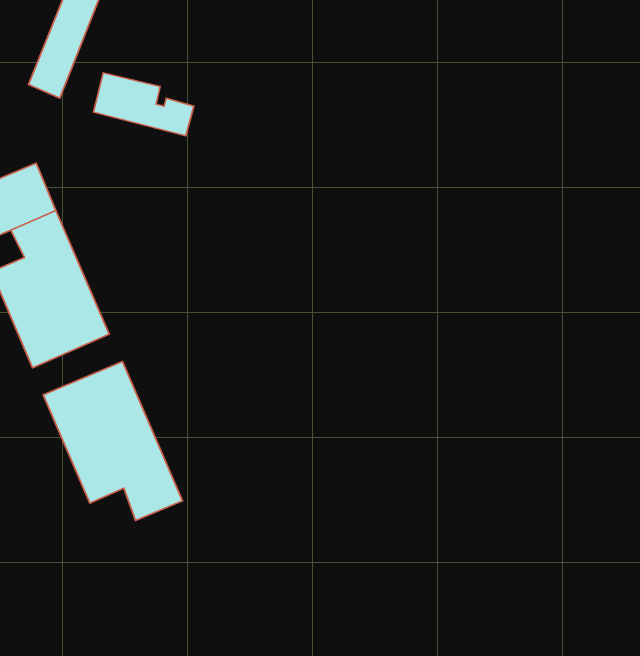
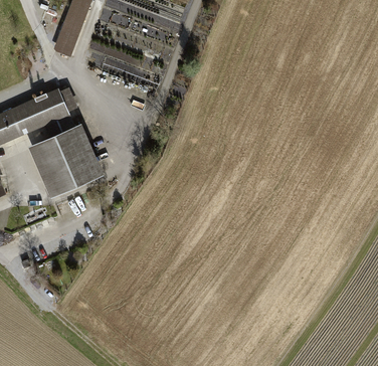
building: [43,362,182,521] -> none

